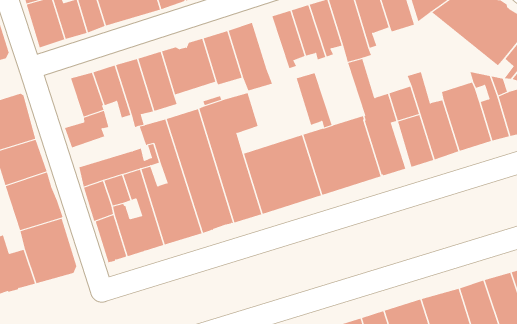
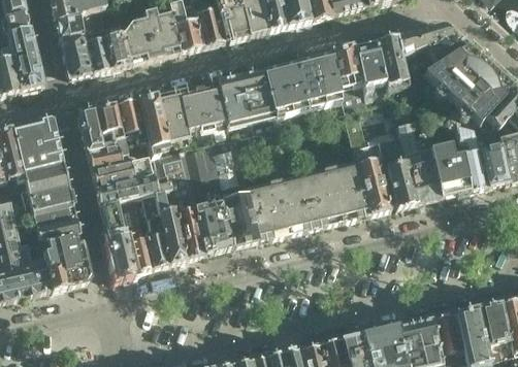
building: [296,72,332,128] -> [262,63,292,113]
building: none -> [77,106,104,151]
building: none -> [92,157,147,187]

